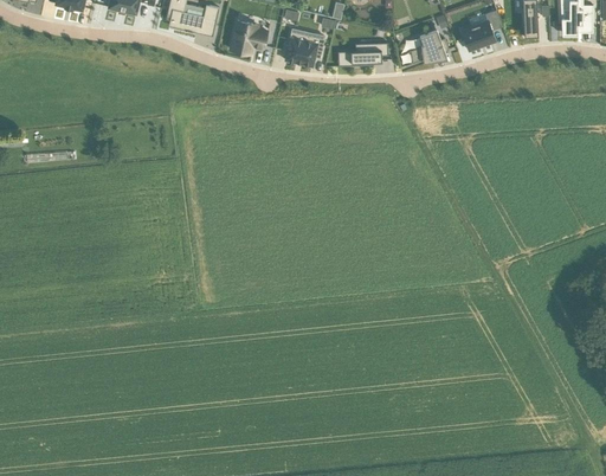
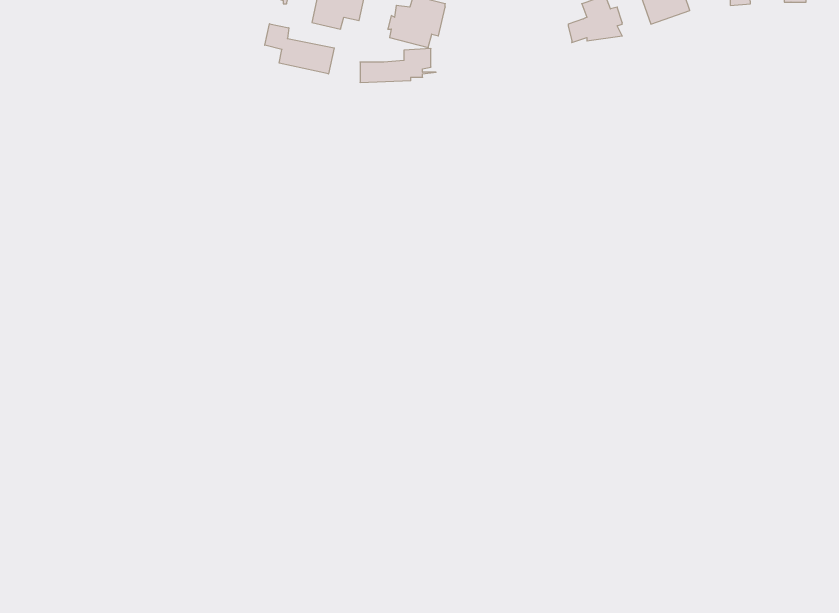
building: [337,41,391,65] -> [360,49,436,82]
building: none -> [265,24,334,74]

